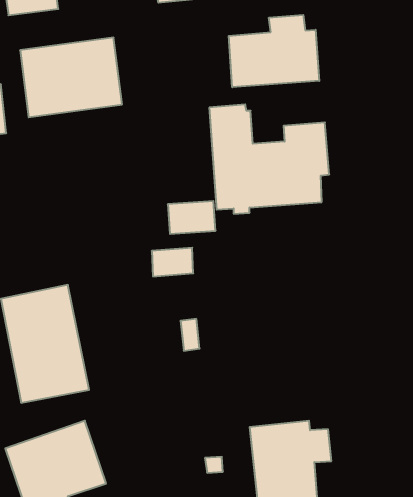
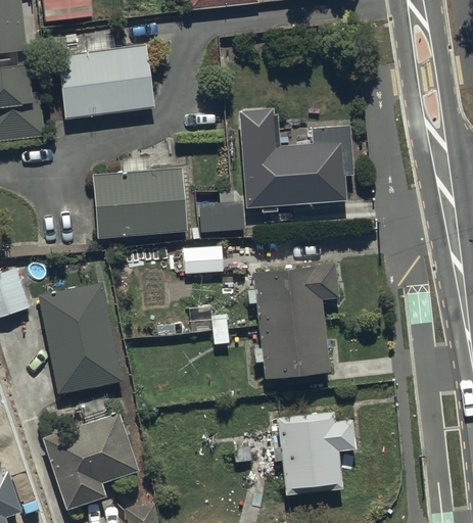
building: [229,15,319,87] -> none
building: none -> [92,167,187,238]
building: none -> [247,263,339,379]

